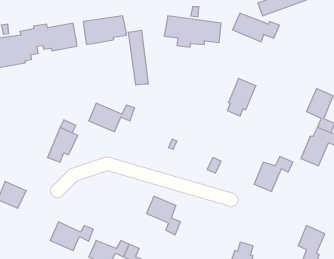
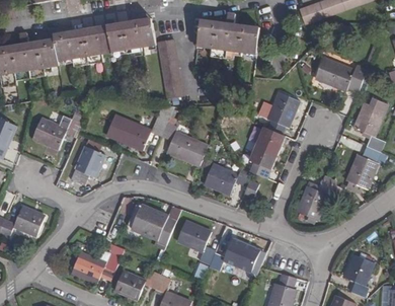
building: [233,13,279,42] -> [315,57,367,88]
building: none -> [31,119,80,148]
building: none -> [159,124,207,164]
building: none -> [249,127,281,167]
building: none -> [205,162,251,192]
building: none -> [128,206,173,244]
building: none -> [209,237,257,267]

